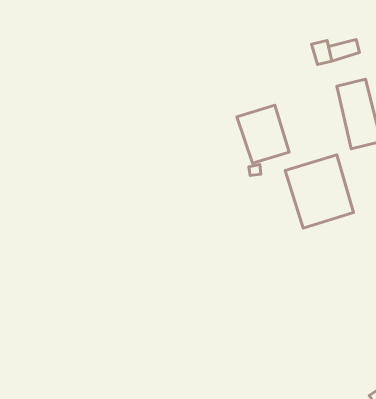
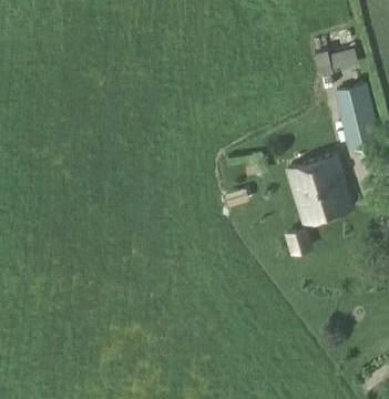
building: [237,105,289,163] -> none

